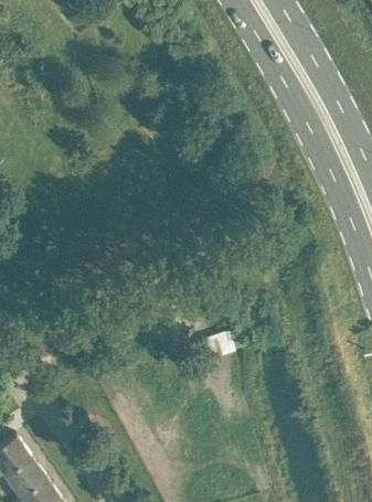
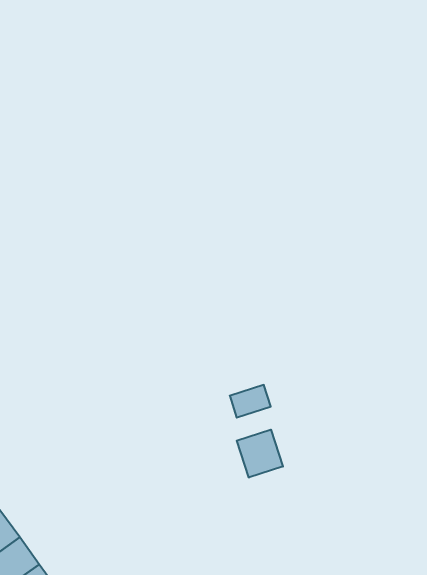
building: none -> [237,430,283,478]

